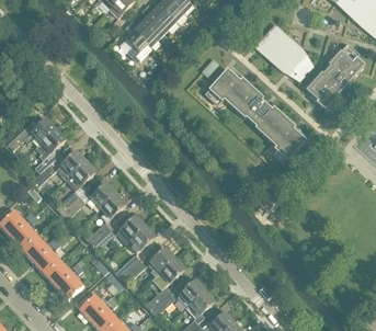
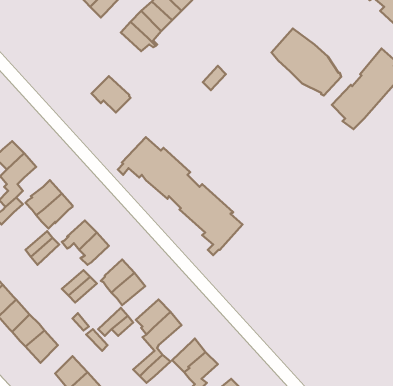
building: [119,28,151,58] -> [92,76,130,112]
building: [204,67,306,163] -> [118,137,243,255]

